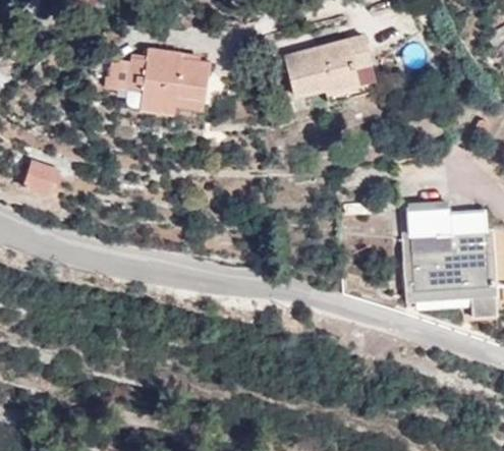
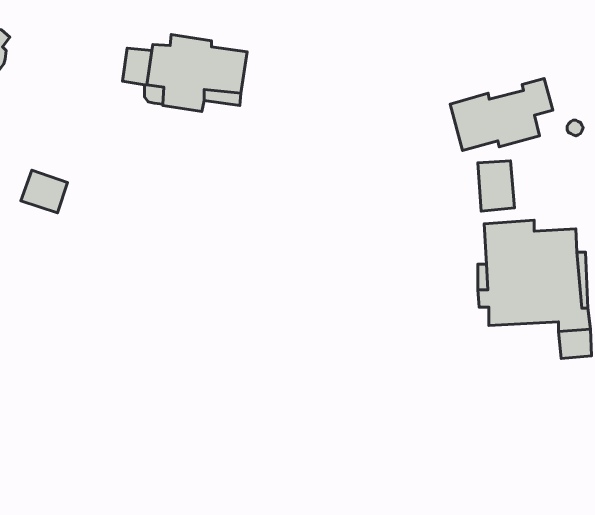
building: [285,35,371,95] -> [450,78,553,150]
building: none -> [478,161,514,211]

